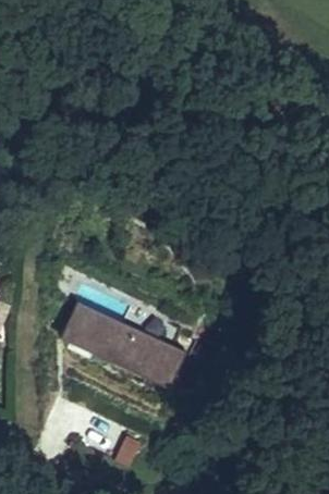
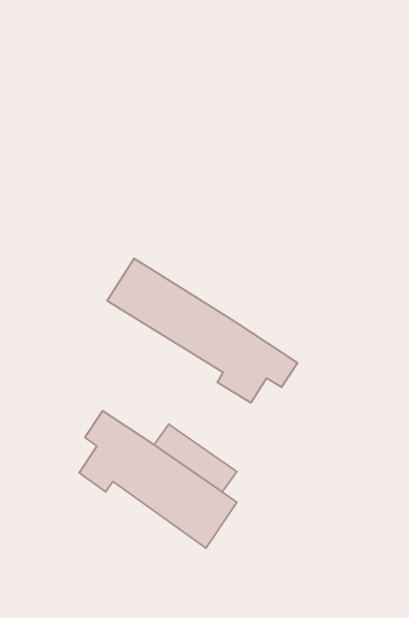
building: none -> [107,258,297,403]

